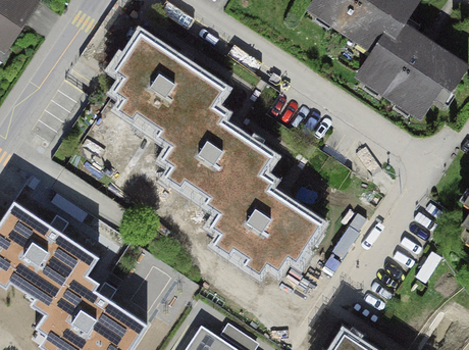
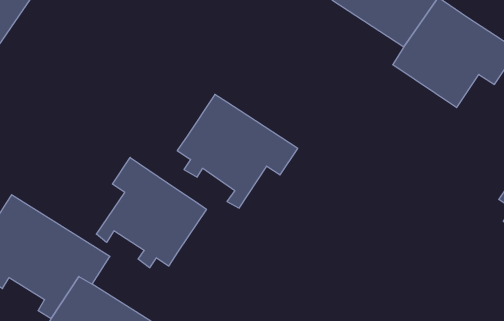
building: [109,30,228,146] -> none
building: none -> [96,157,206,268]
building: [211,173,322,278] -> none

